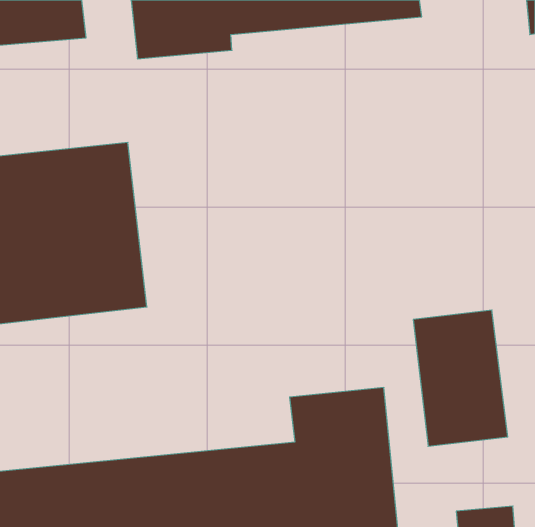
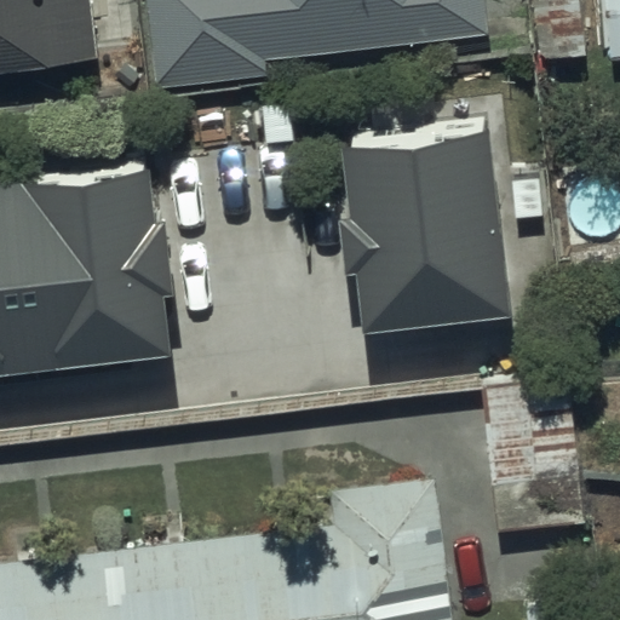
building: none -> [340,134,509,344]

